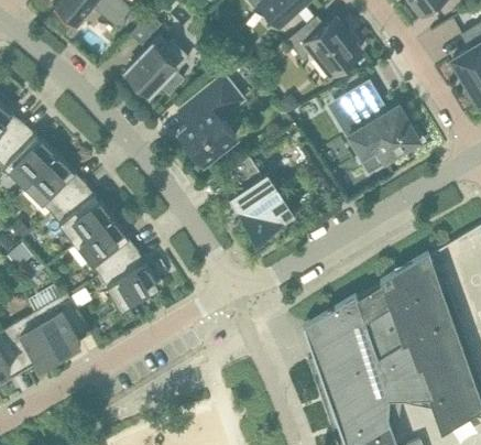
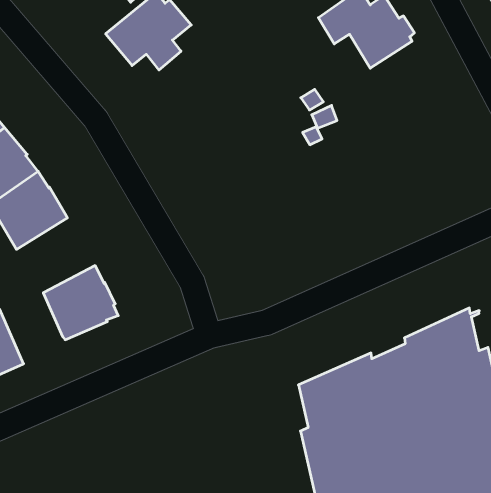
building: [178,75,244,164] -> none
building: [340,83,425,163] -> none
building: [228,155,294,239] -> none
building: [75,218,136,278] -> none

